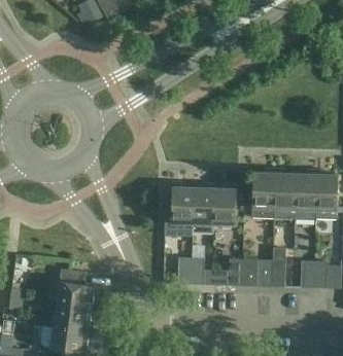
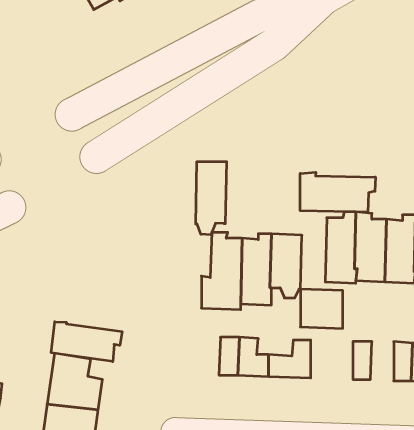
building: none -> [196,162,227,235]
building: none -> [300,172,375,212]
building: none -> [51,322,122,362]
building: [242,259,272,287] -> [300,289,343,328]

